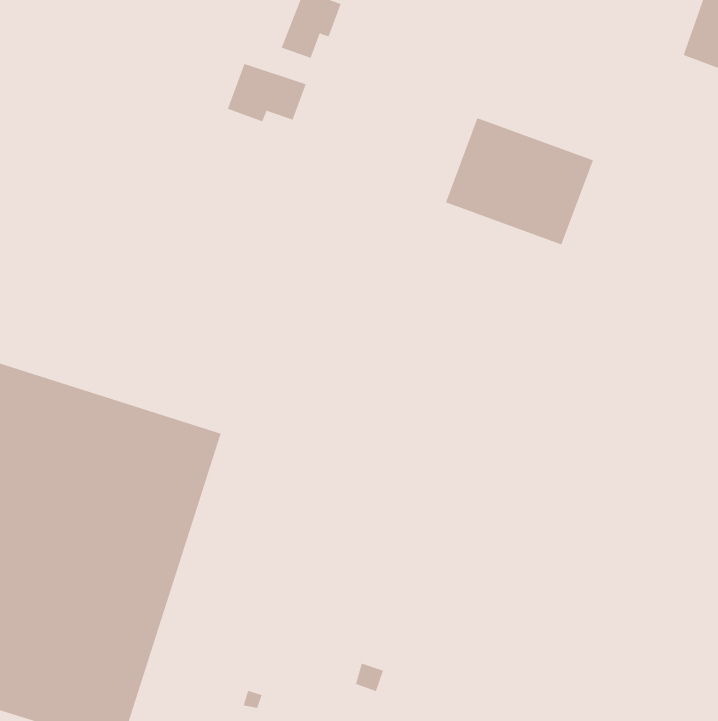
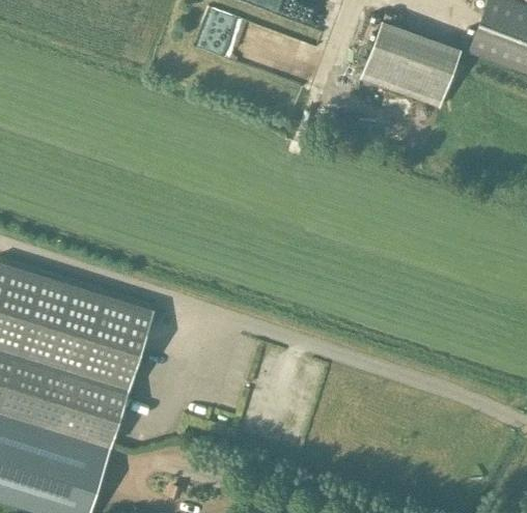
building: [227,63,307,122] -> none
building: [445,118,594,245] -> [359,21,461,108]

